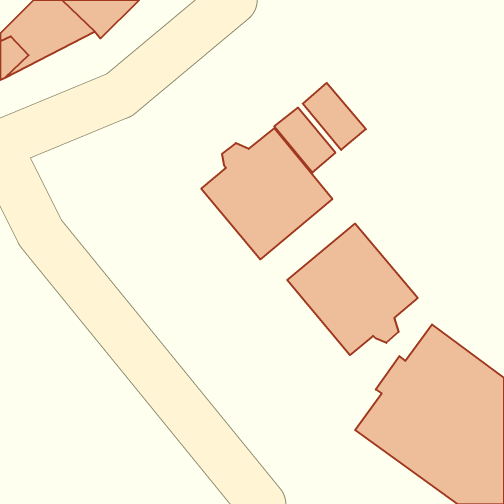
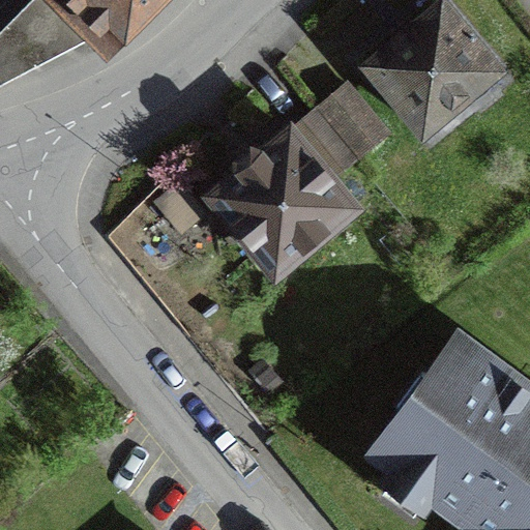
building: none -> [366,7,493,132]
building: [287,224,418,355] -> none

